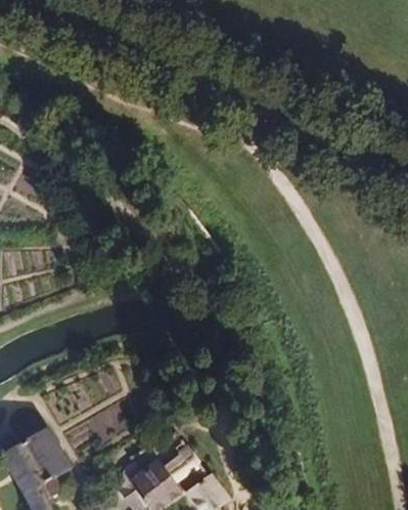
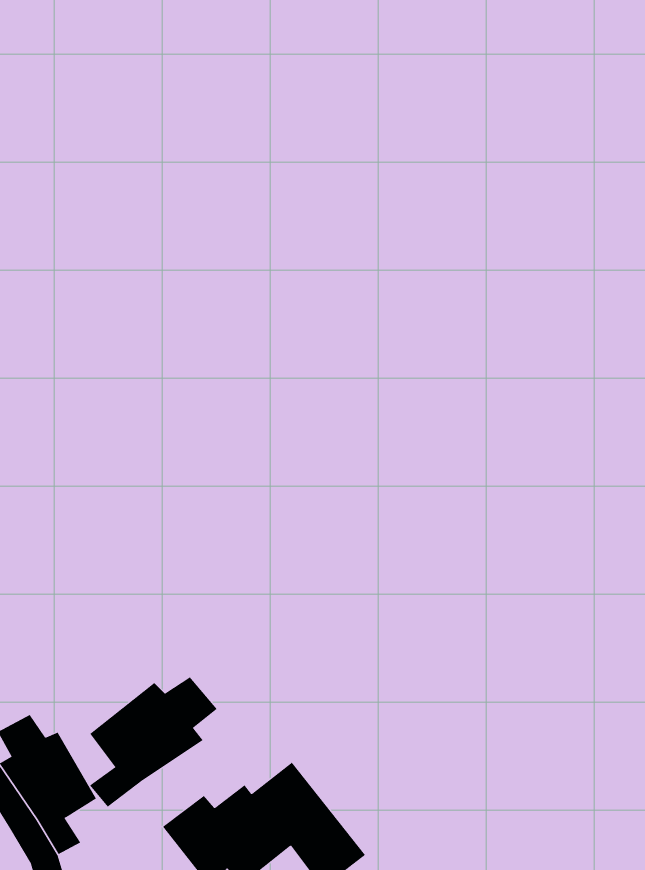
building: none -> [89,677,217,808]

